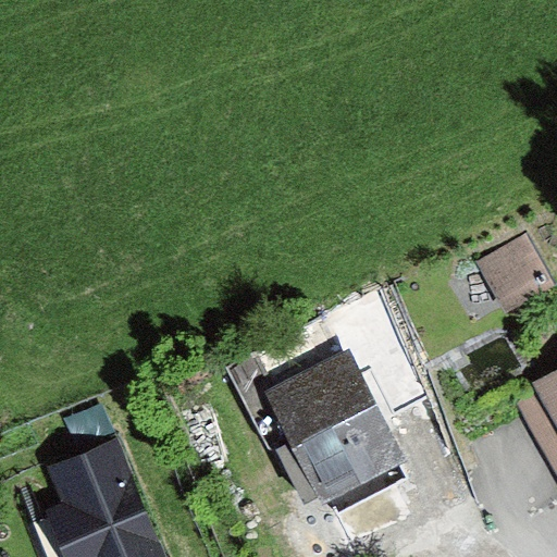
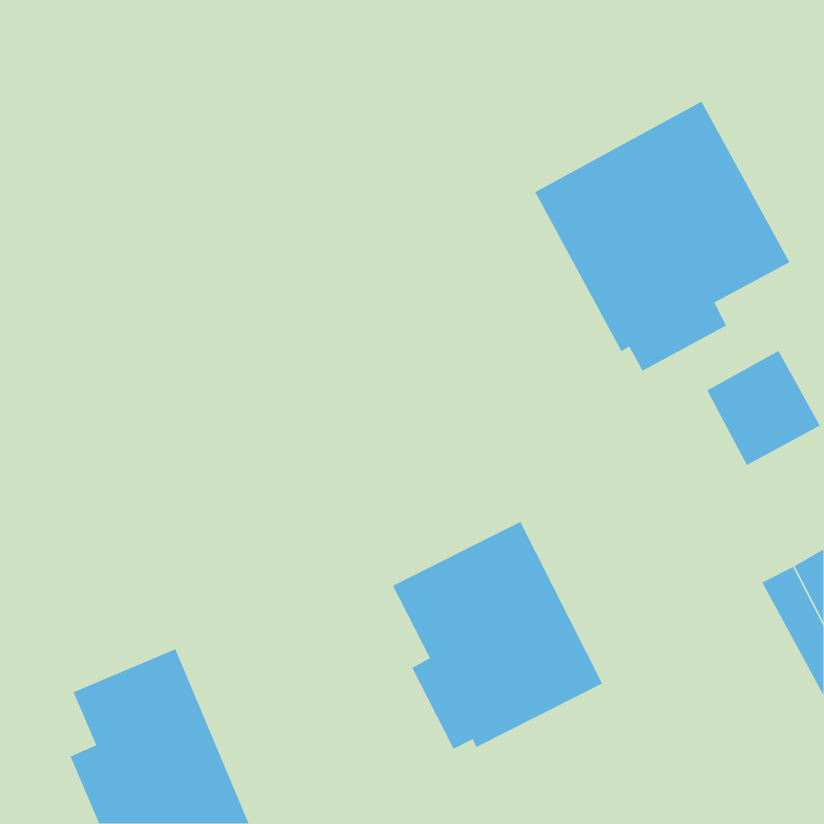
building: none -> [534,101,791,372]

